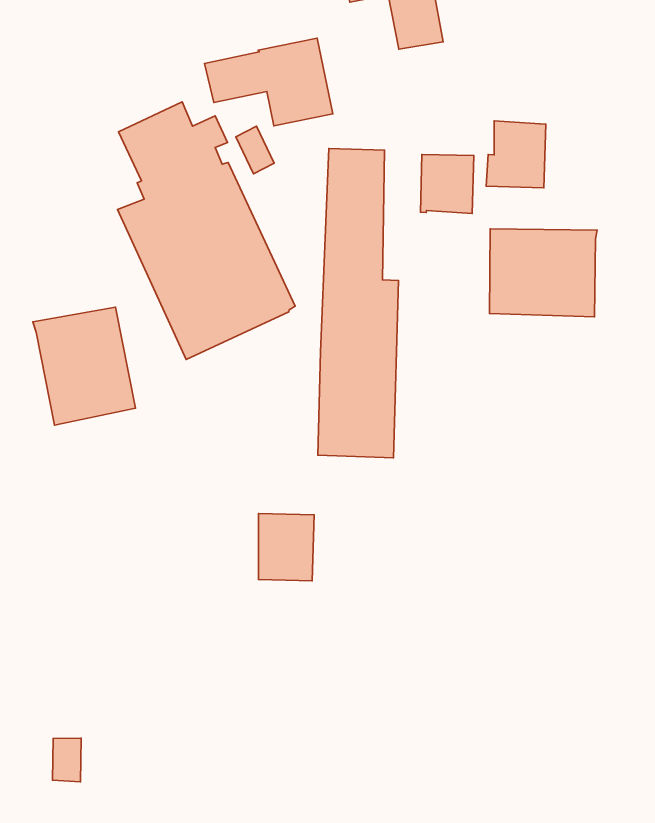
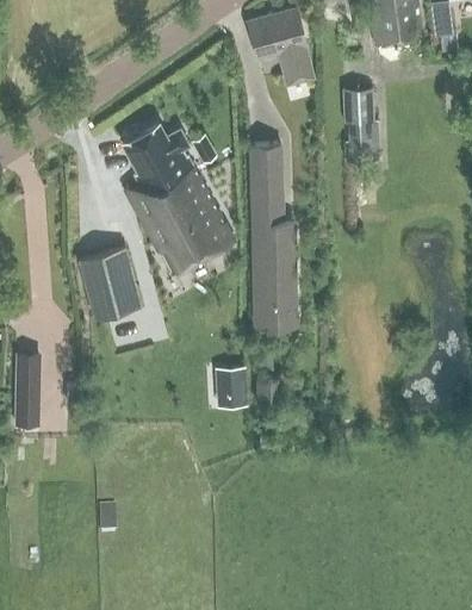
building: [204,38,333,126] -> none
building: [420,154,474,213] -> [342,88,374,124]
building: [489,229,597,317] -> none

